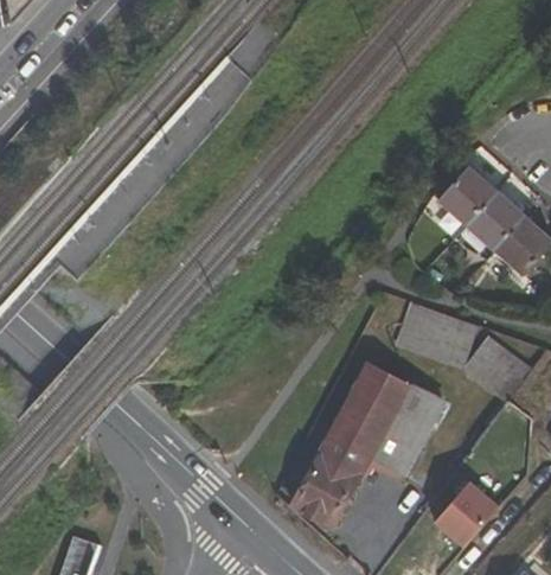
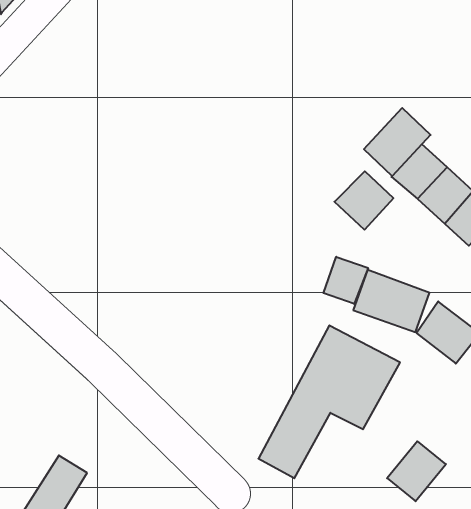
building: none -> [364,108,431,176]
building: none -> [334,171,393,230]
building: none -> [323,257,368,304]

